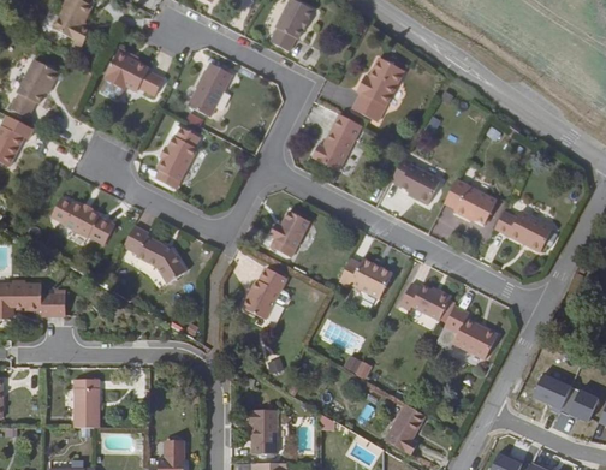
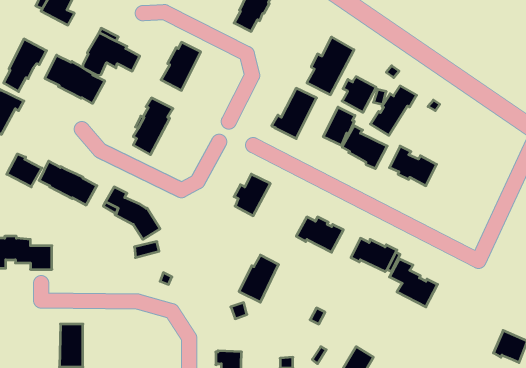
building: none -> [45,55,105,103]
building: none -> [342,77,376,112]
building: none -> [370,86,417,135]
building: none -> [323,107,355,145]
building: none -> [7,154,42,187]
building: [495,210,554,251] -> none
building: [242,267,286,320] -> [239,255,279,302]
building: [533,374,571,414] -> none

